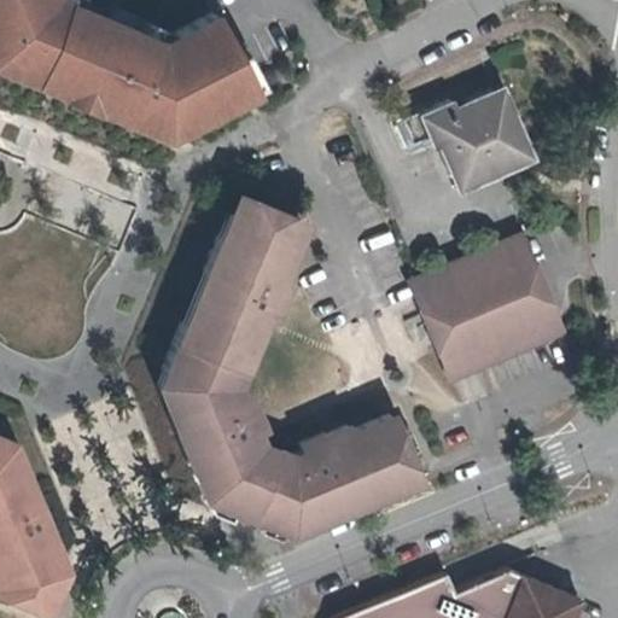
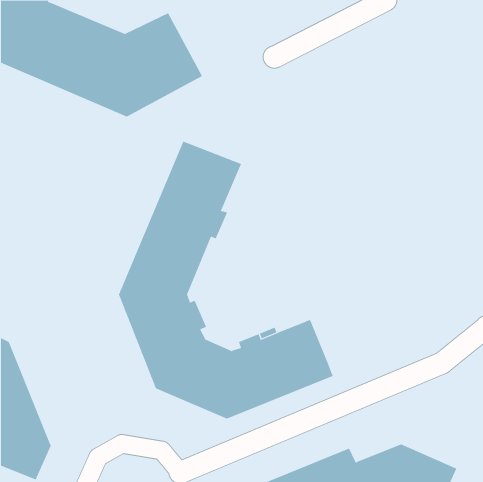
building: [413,92,541,187] -> none
building: [409,233,570,385] -> none

